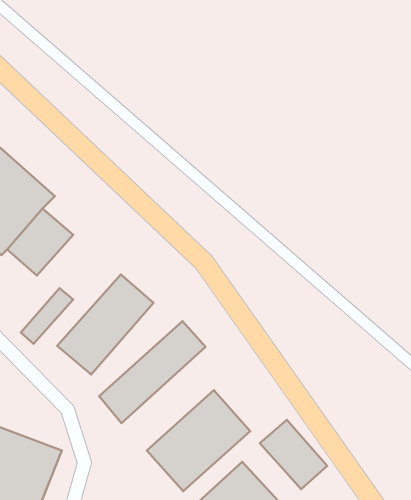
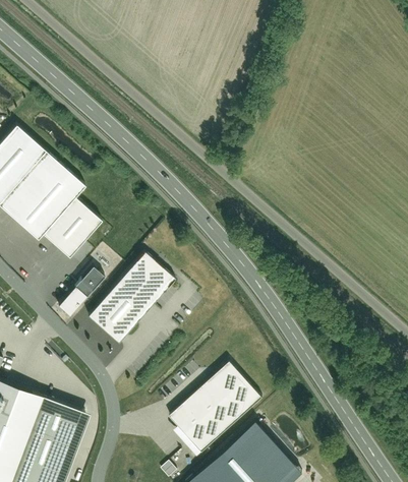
building: [99,321,205,423] -> none
building: [260,420,327,489] -> none

